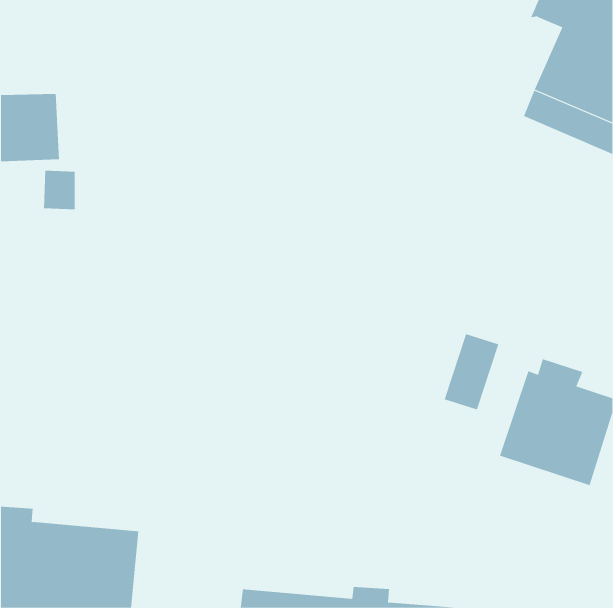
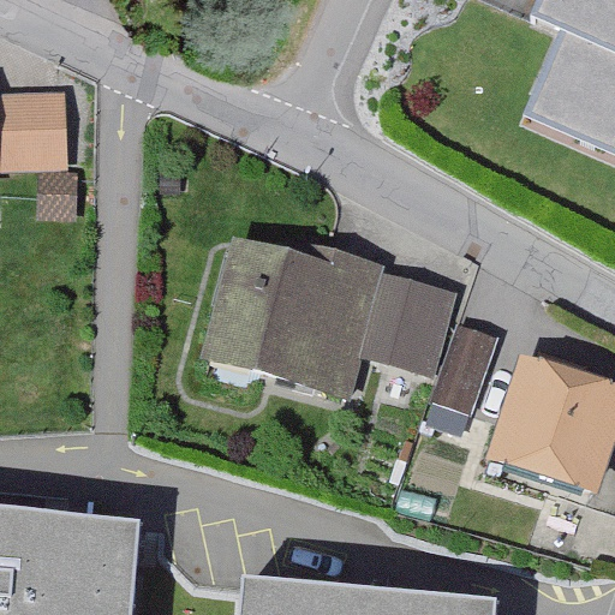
building: none -> [211,246,446,389]

